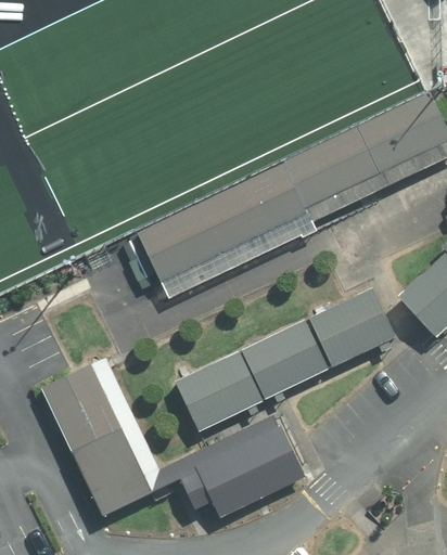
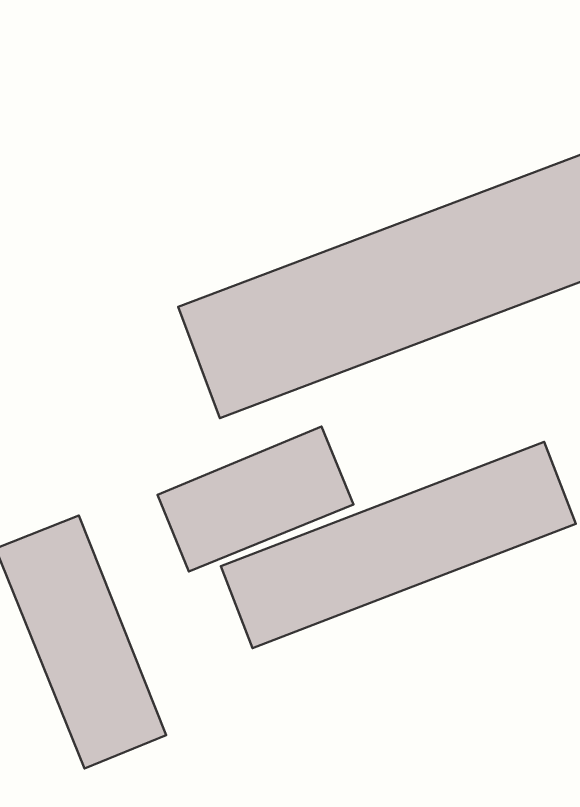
building: none -> [158,427,354,571]
building: [176,423,306,516] -> none

